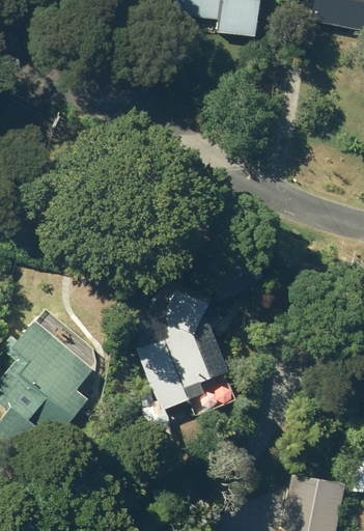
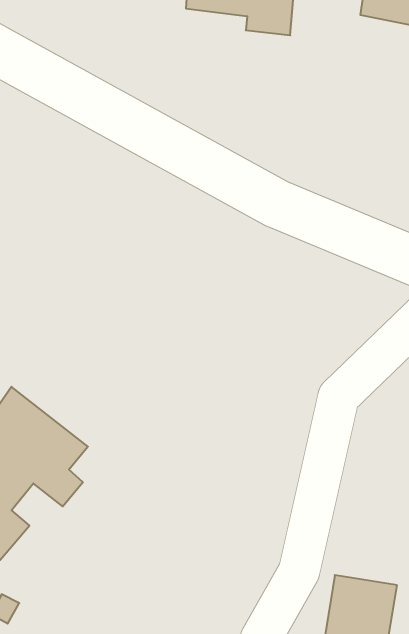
building: [139,291,212,409] -> none

